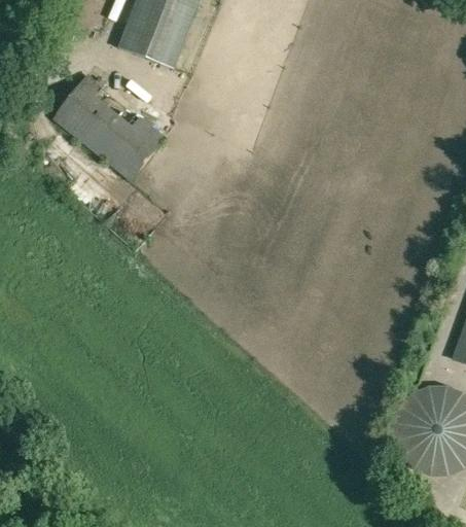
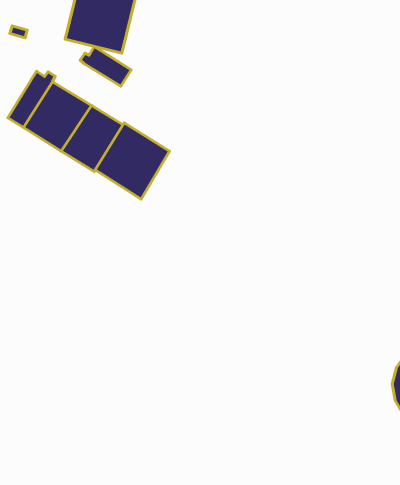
building: none -> [80,46,131,86]
building: none -> [95,123,170,199]

